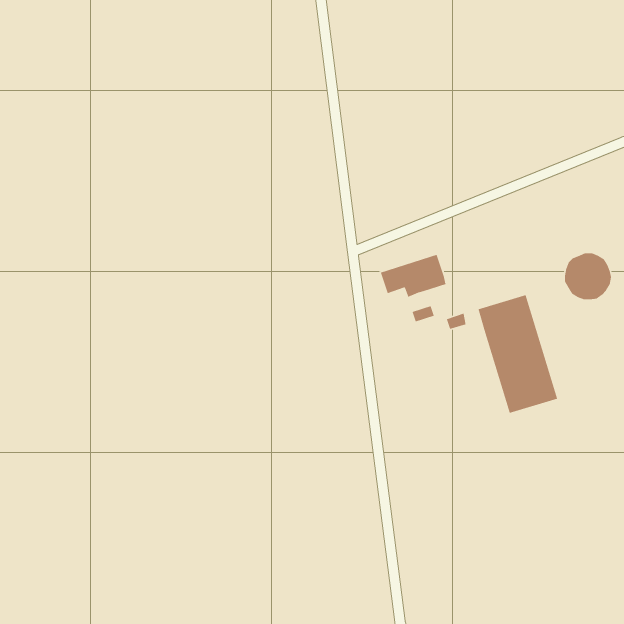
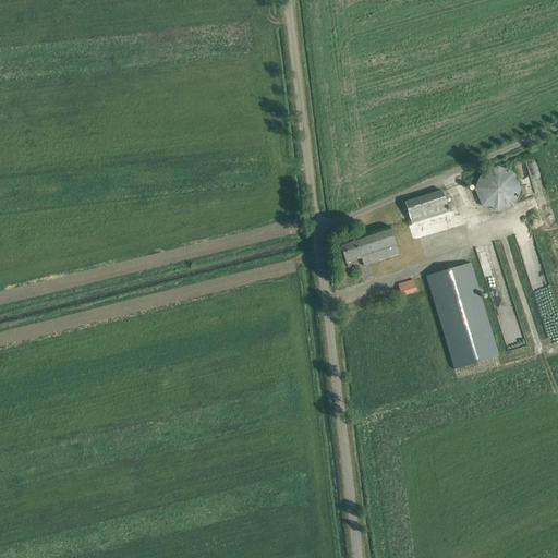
building: none -> [404,191,448,223]
building: [564,253,612,300] -> [476,168,519,210]

